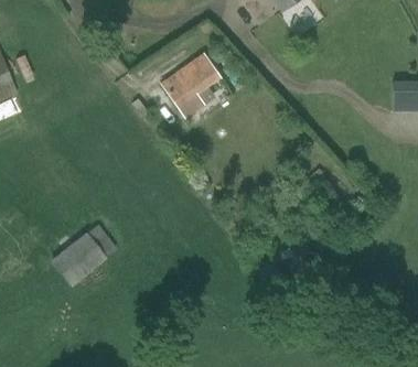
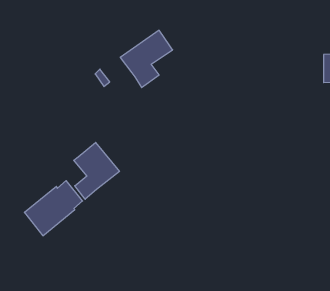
building: none -> [74,142,119,199]

